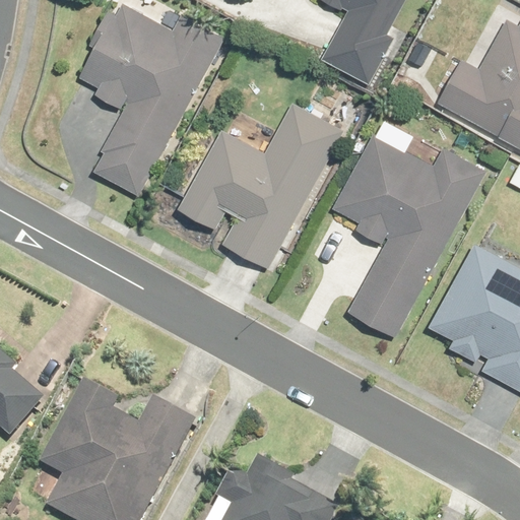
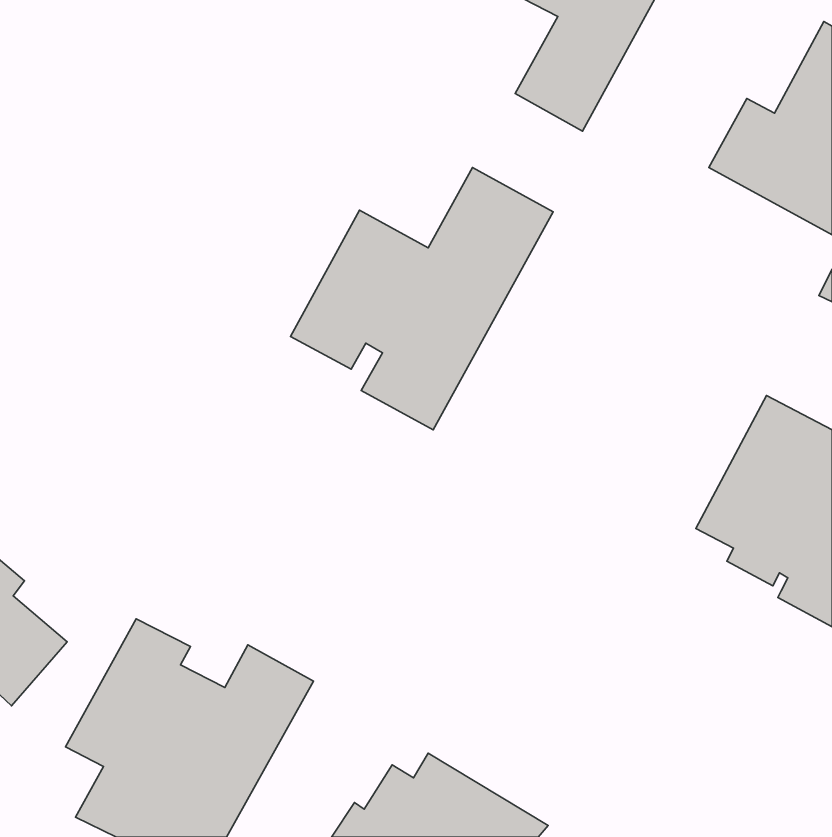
building: [77,4,219,194] -> none
building: [334,133,484,337] -> none

